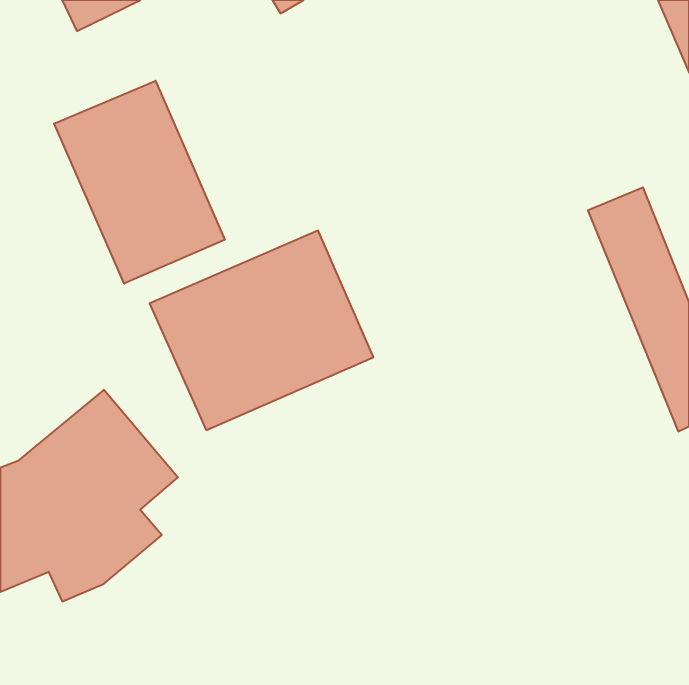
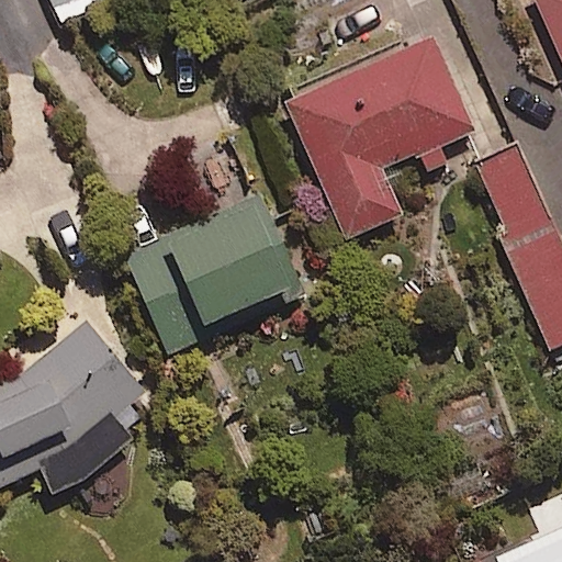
building: none -> [282,34,475,240]
building: [54,81,225,284] -> none

